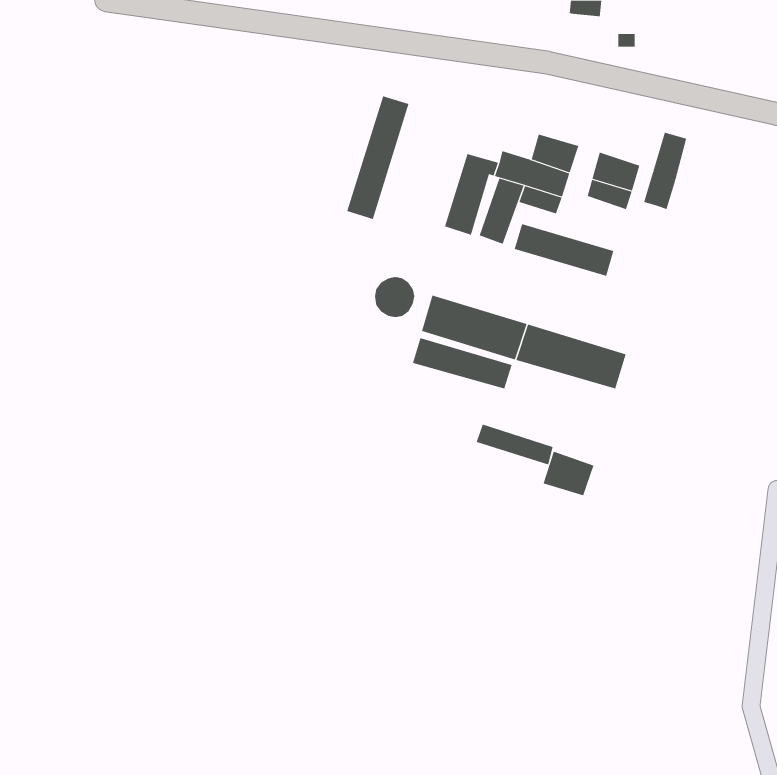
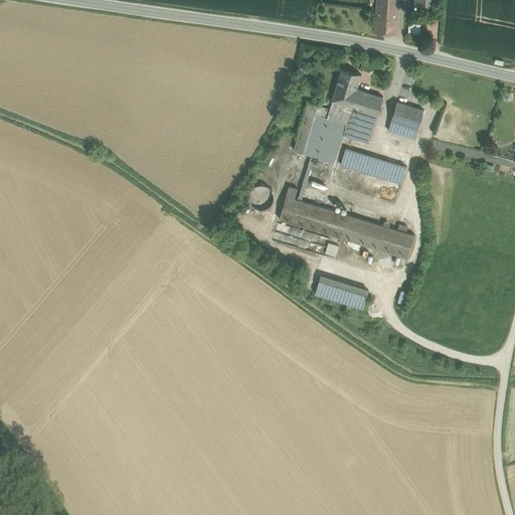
building: none -> [375,10,397,34]
building: [347,95,409,220] -> none
building: none -> [332,68,361,107]
building: [643,132,687,210] -> none
building: [543,451,594,496] -> none

